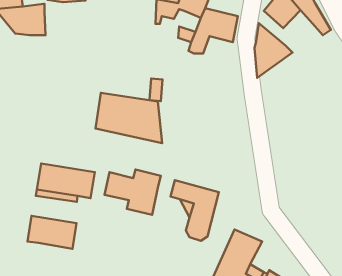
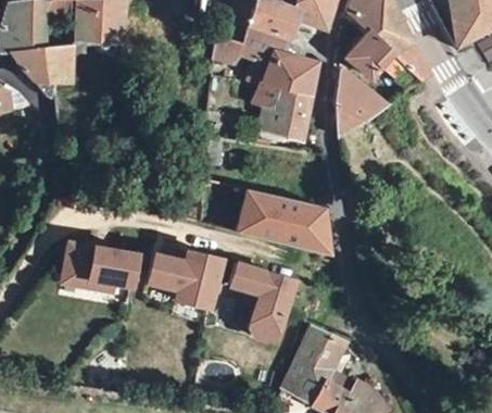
building: none -> [258,85,311,139]
building: [95,93,162,143] -> [241,190,325,253]
building: [27,216,77,249] -> none

